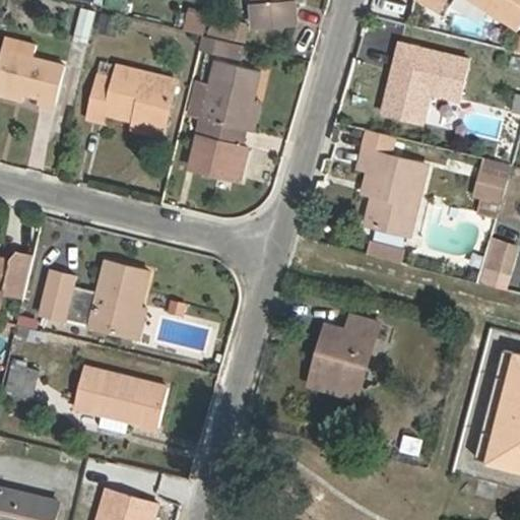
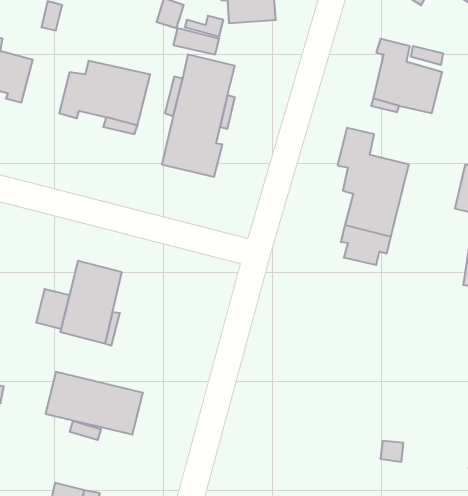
building: [41,270,75,319] -> none
building: [309,317,379,399] -> none

